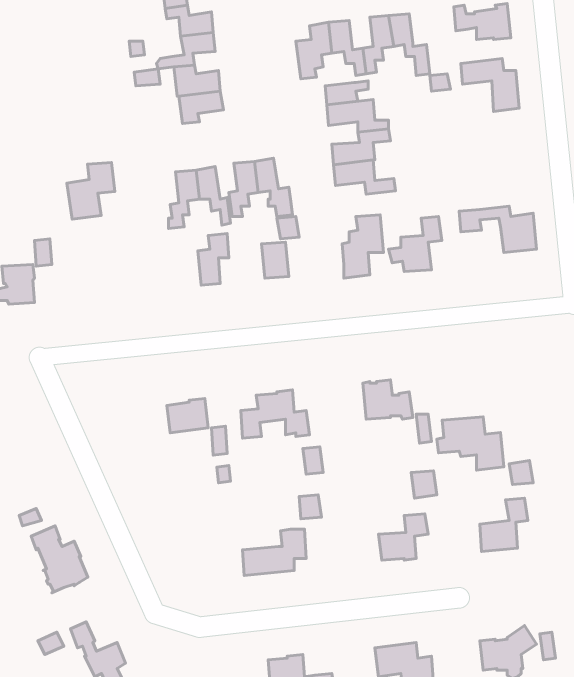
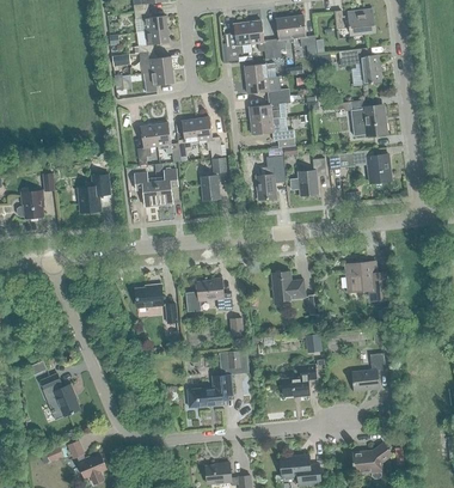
building: none -> [350,99,386,138]
building: [67,162,115,219] -> [76,173,110,213]
building: none -> [134,171,159,206]
building: [437,417,504,470] -> [343,262,389,299]

